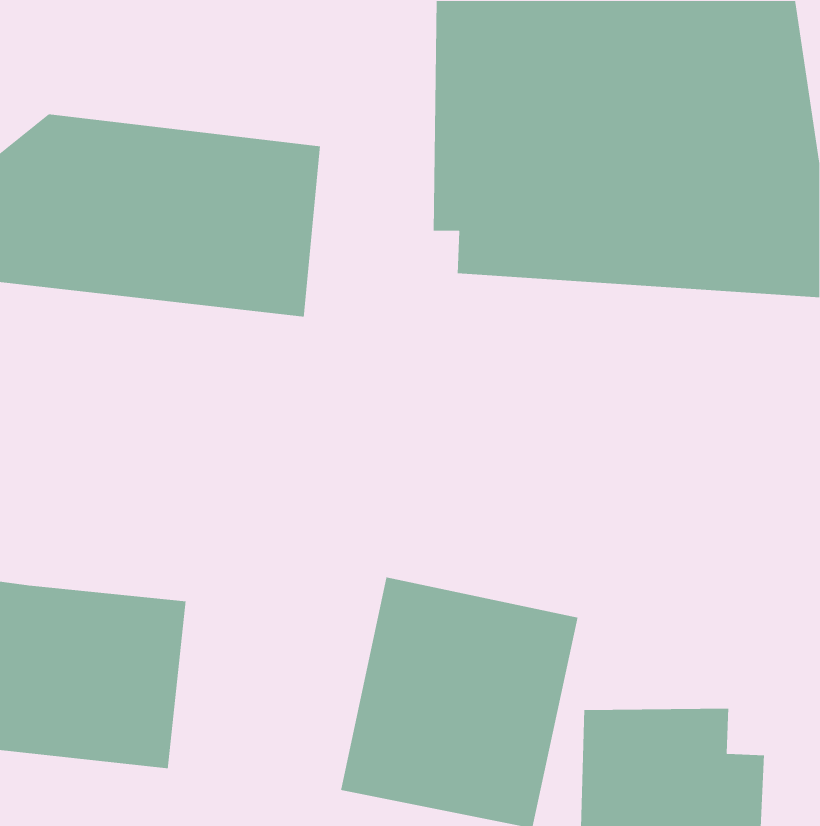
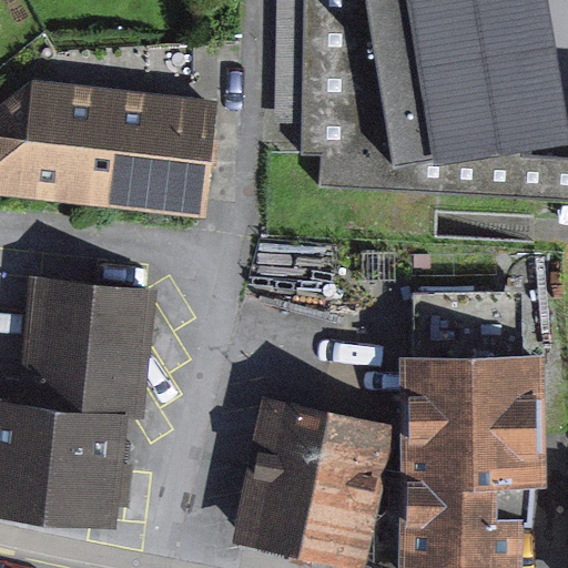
building: none -> [20,276,159,415]
building: none -> [397,353,547,487]

